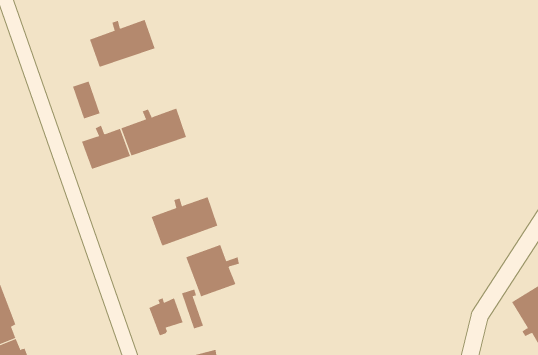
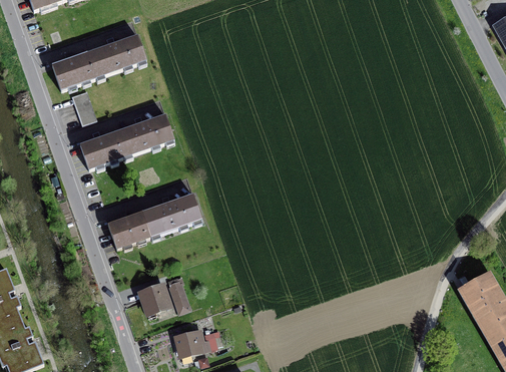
building: none -> [51,50,94,90]
building: none -> [106,210,149,249]
building: [185,244,240,297] -> none

